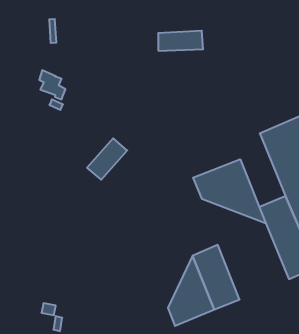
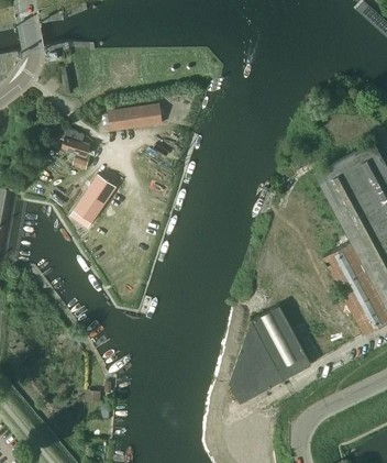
building: [158,31,203,51] -> [110,103,163,131]
building: [87,138,127,180] -> [74,176,118,224]
building: [193,159,266,224] -> none

